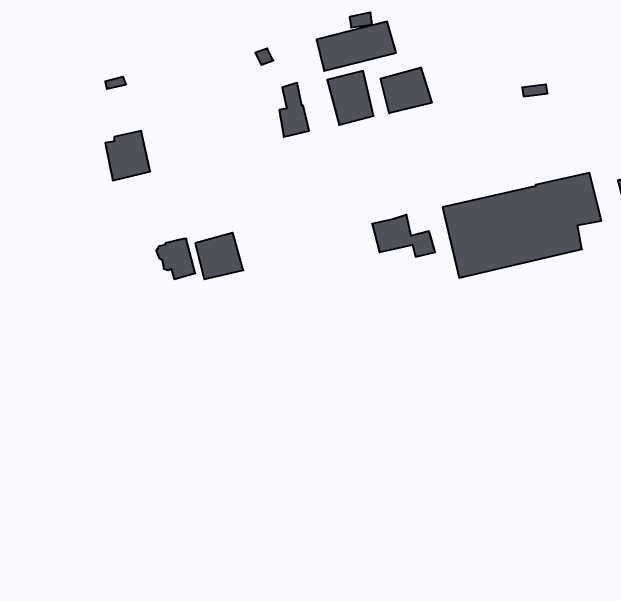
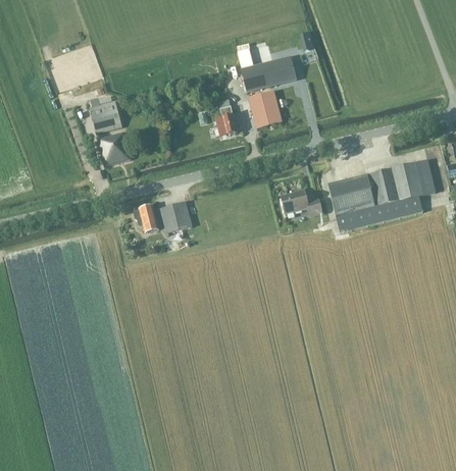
building: [381,67,432,113] -> none
building: none -> [89,101,122,134]

